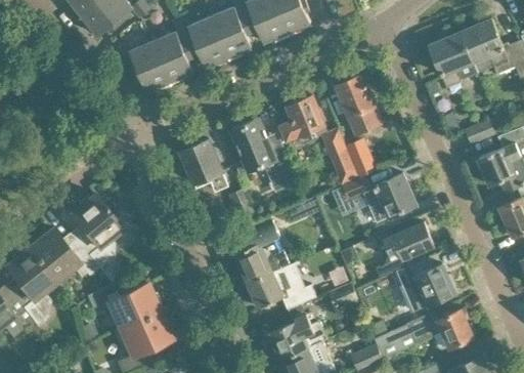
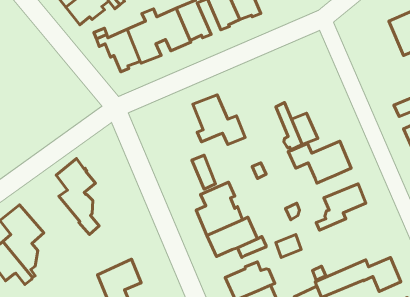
building: [429,32,477,87] -> none
building: [335,74,382,132] -> none
building: [278,95,328,143] -> none
building: [180,138,227,191] -> none
building: [28,227,98,280] -> none
building: [395,263,454,312] -> none
building: [87,280,159,329] -> none

